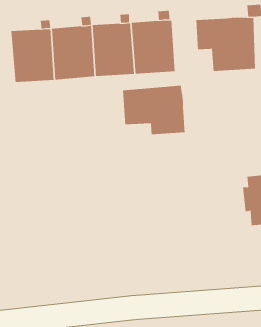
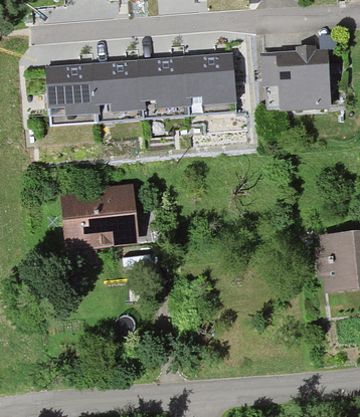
building: [123,85,185,135] -> none
building: none -> [59,183,139,250]

